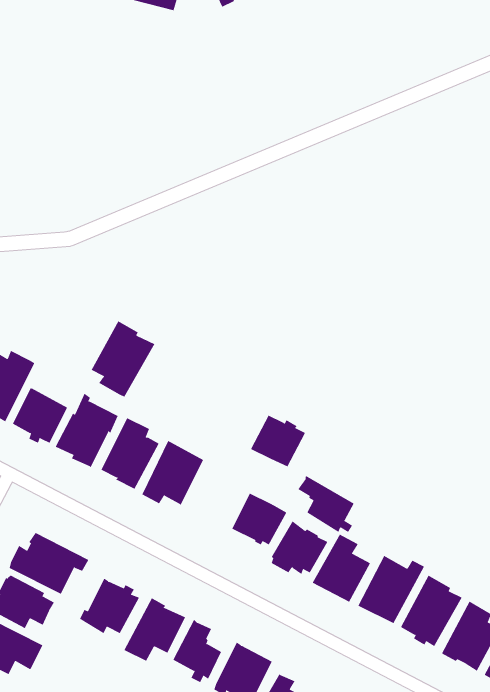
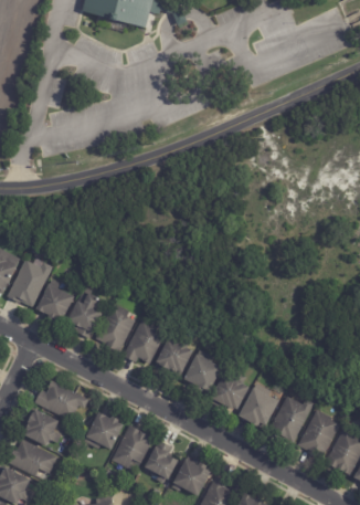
building: [91,320,155,397] -> none
building: [250,415,306,467] -> [156,338,193,374]
building: [297,475,355,533] -> none

